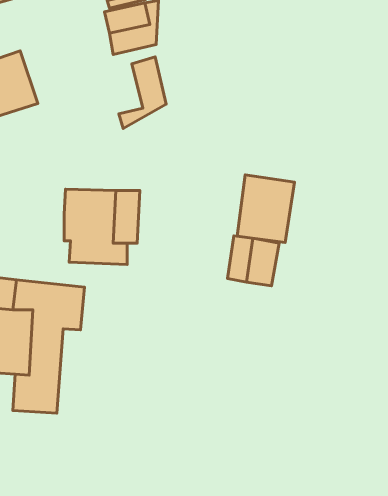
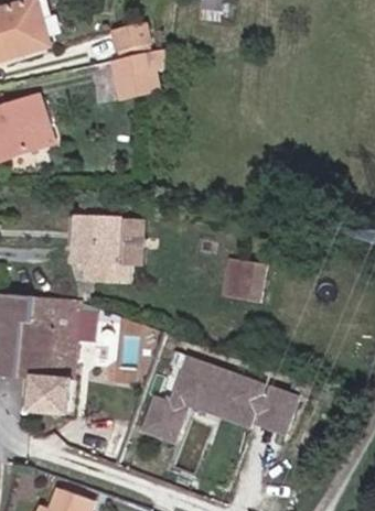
building: [119,57,166,129] -> none
building: [237,175,295,243] -> none
building: none -> [146,359,297,436]

